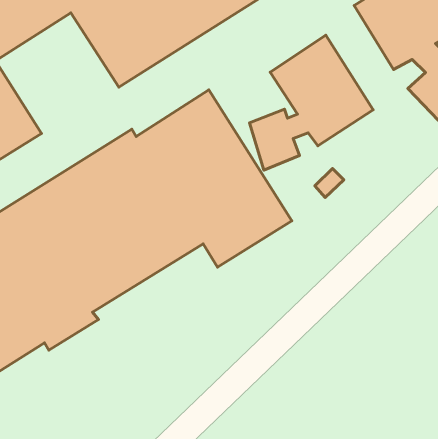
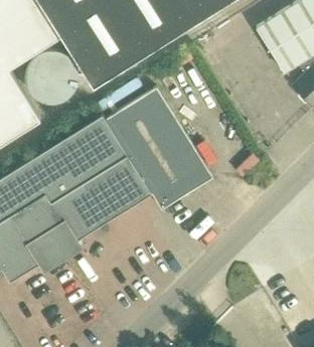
building: [250,35,373,170] -> none

